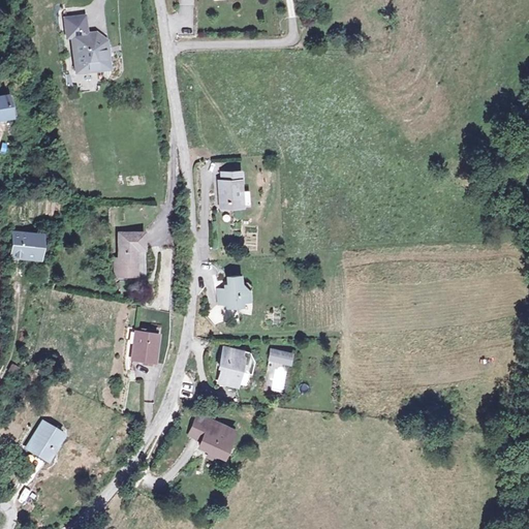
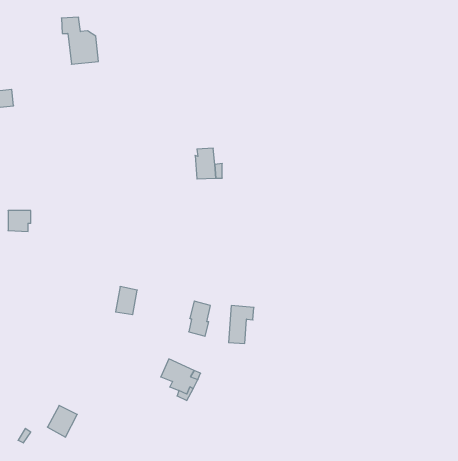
building: [116,236,145,277] -> none
building: [218,273,250,303] -> none
building: [31,427,65,463] -> [47,405,77,437]

